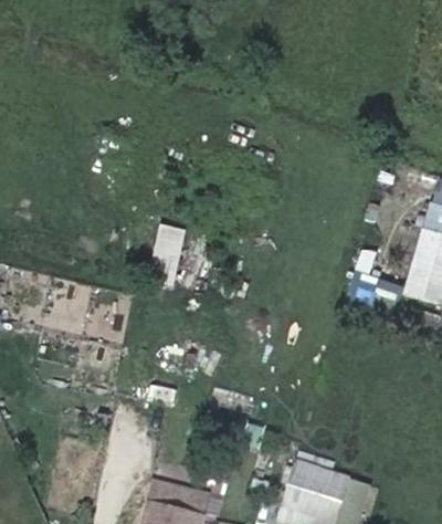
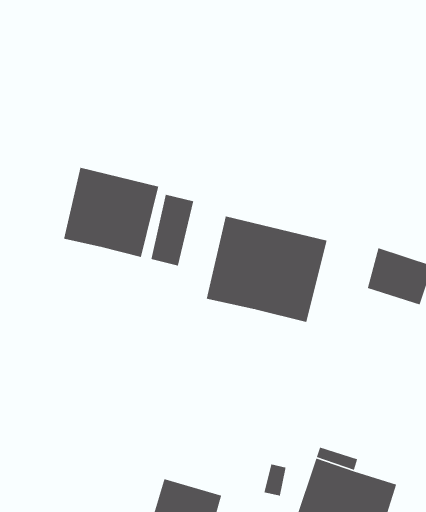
building: none -> [63,167,159,258]
building: none -> [206,216,327,323]

